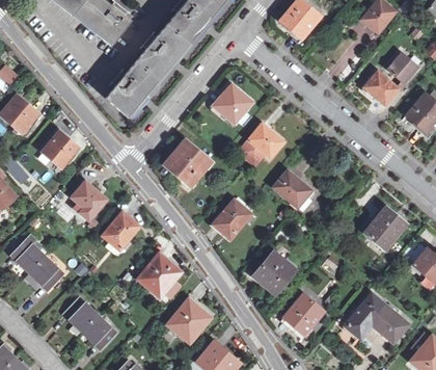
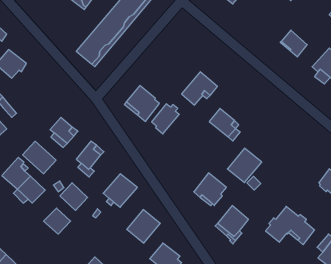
building: [387,53,417,83] -> none
building: [215,85,252,125] -> none
building: [42,131,78,167] -> none
building: [215,201,250,239] -> [152,104,179,134]
building: [363,208,407,252] -> [227,148,262,183]
building: none -> [23,141,56,174]
building: [81,314,116,349] -> [60,183,88,210]

